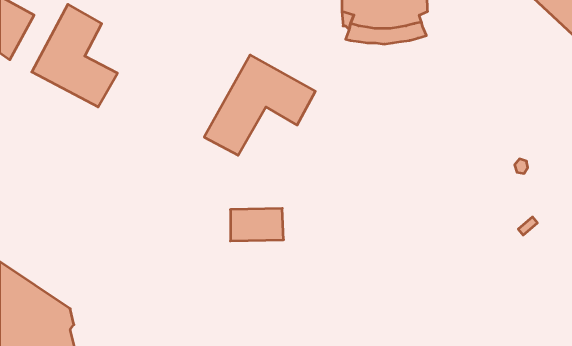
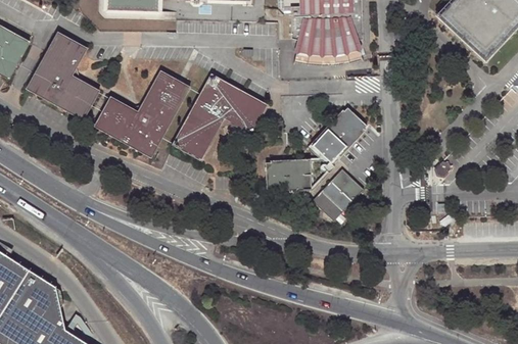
building: none -> [96,70,189,155]
building: none -> [311,106,366,161]
building: none -> [310,167,362,220]
building: [230,208,284,241] -> [265,158,310,186]

